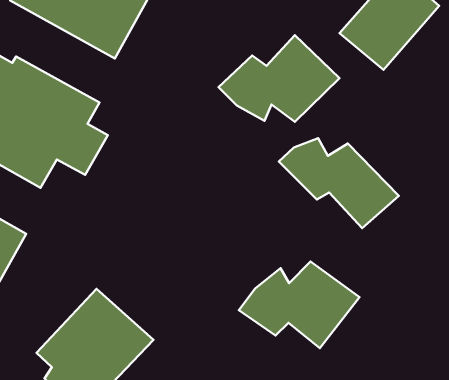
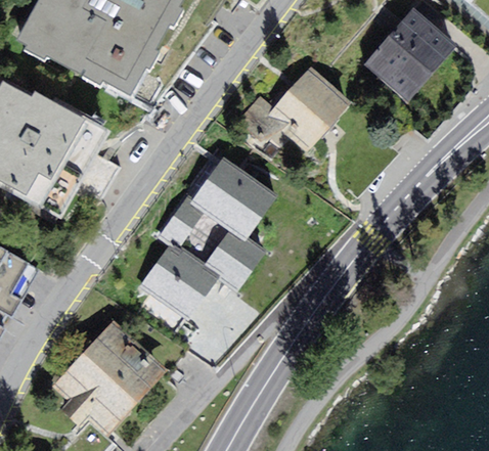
building: none -> [141,159,275,318]
building: [279,138,399,228] -> none
building: [239,262,359,348] -> none

